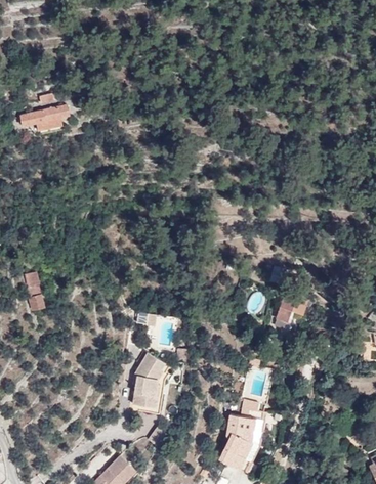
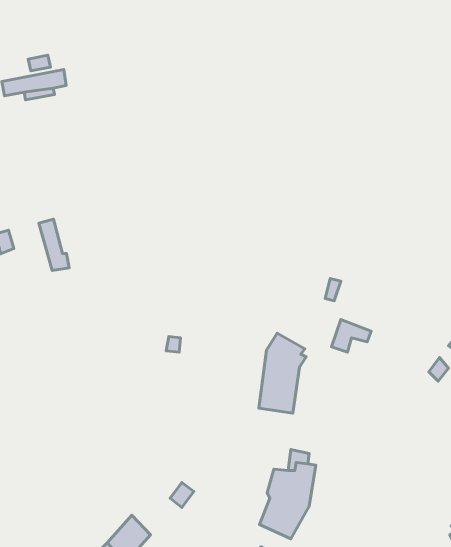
building: [23,272,46,312] -> [39,219,69,270]
building: [134,352,171,414] -> [259,333,306,413]

